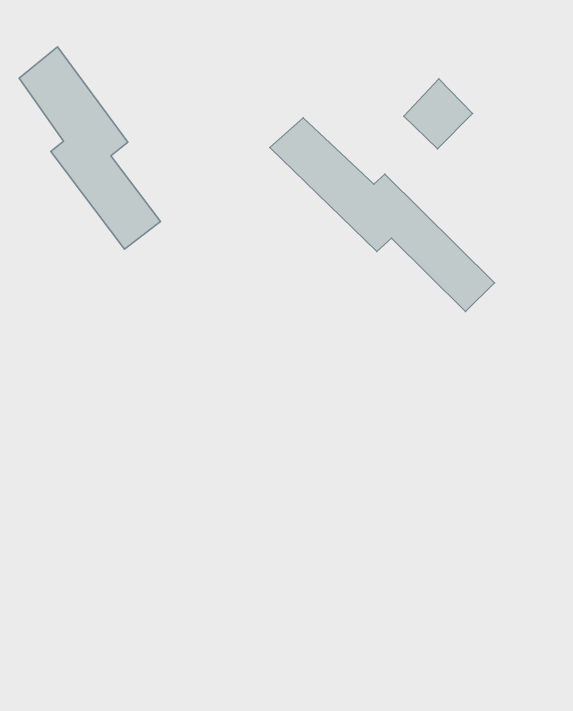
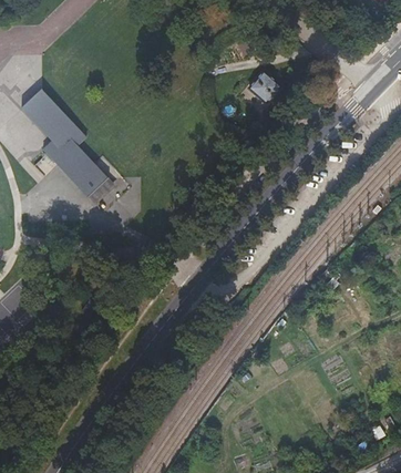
building: [270,118,495,312] -> none

